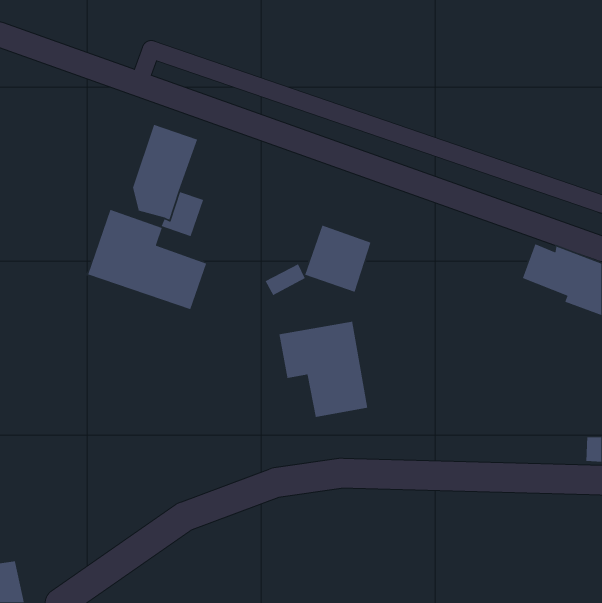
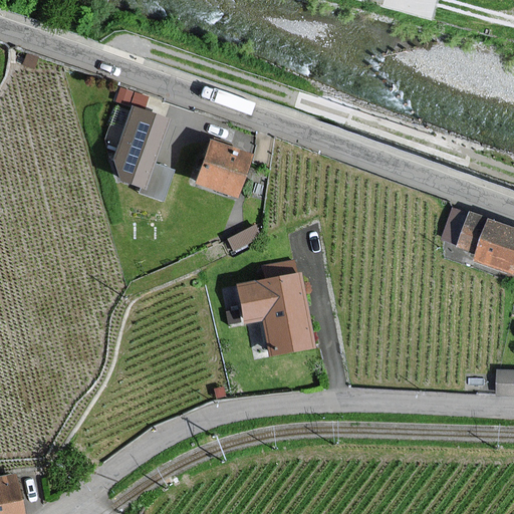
building: [87,209,207,310] -> none
building: [304,225,372,293] -> [194,140,251,198]

